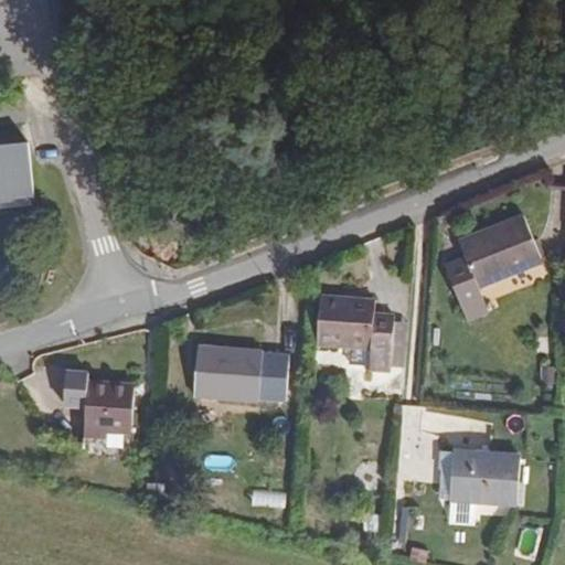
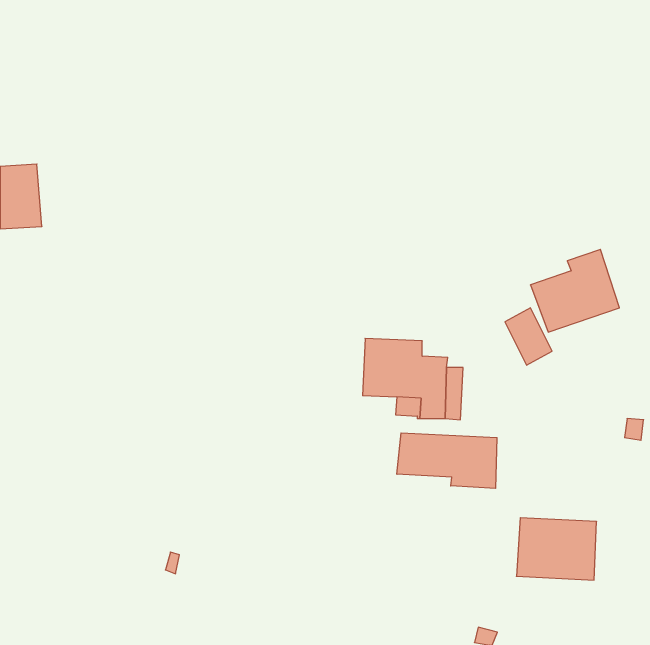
building: [192,345,287,404] -> none
building: [61,369,134,439] -> none
building: none -> [397,433,497,488]

